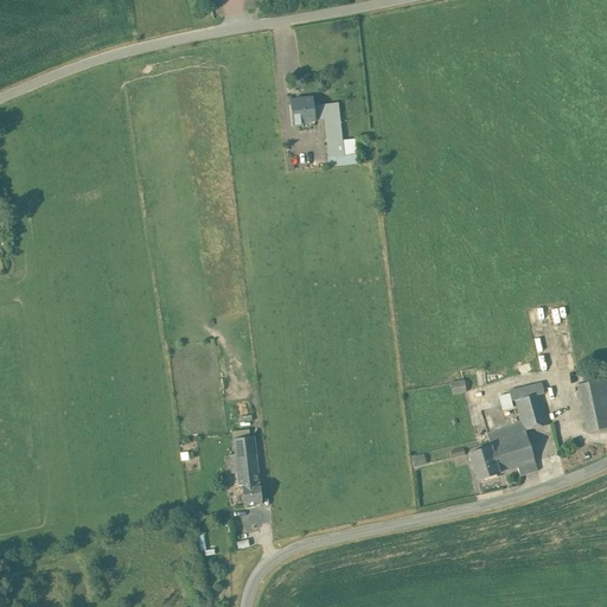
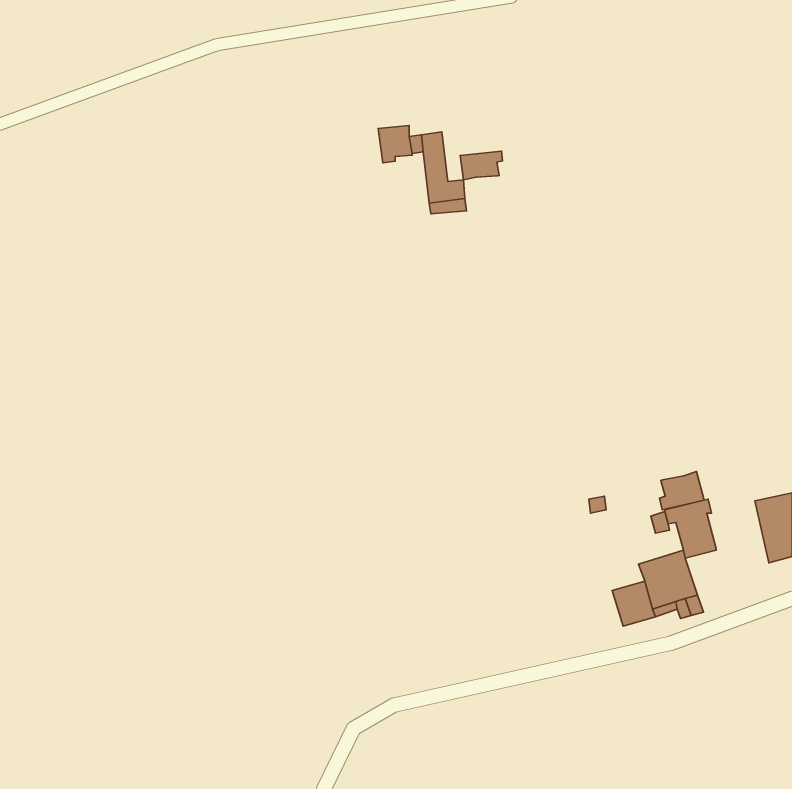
building: none -> [460,151,502,180]
building: none -> [660,471,704,510]
building: [229,451,262,504] -> none

